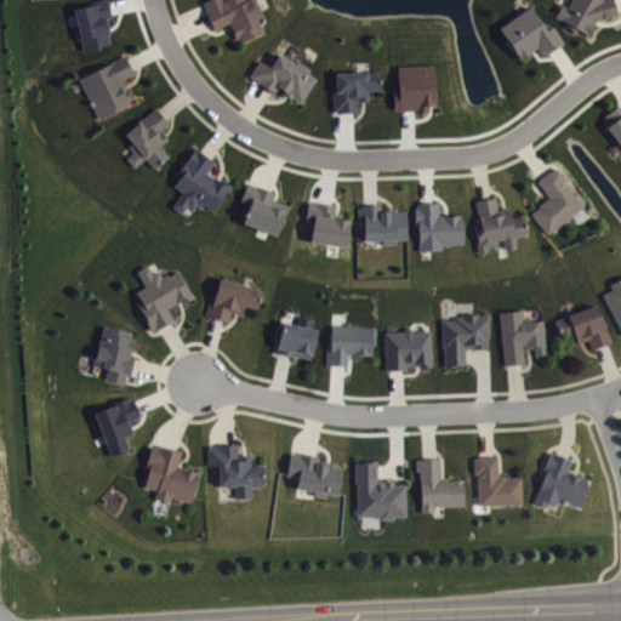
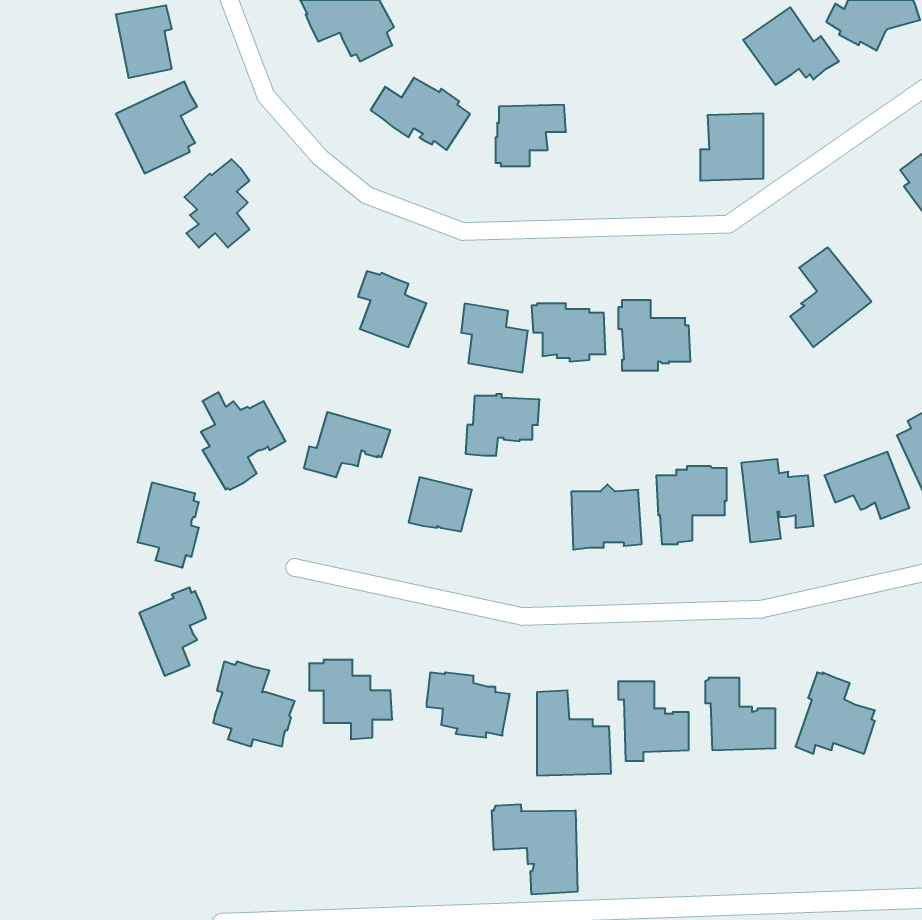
building: [398,70,440,115] -> [700,114,763,180]
building: [172,150,232,213] -> none
building: [474,198,529,253] -> none
building: [326,325,376,366] -> [466,394,540,456]
building: none -> [492,804,577,894]

